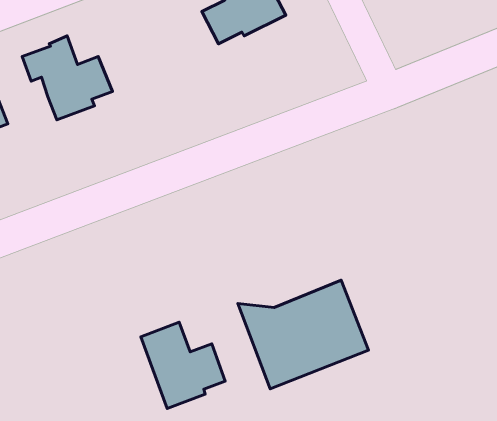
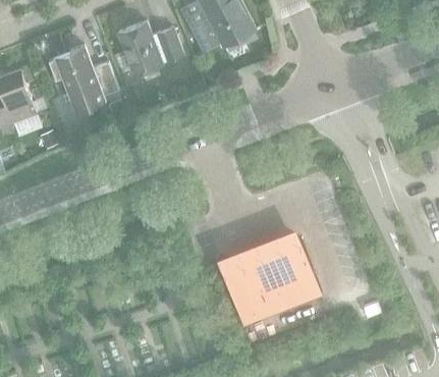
building: none -> [116,20,182,73]
building: [141,322,225,409] -> none

